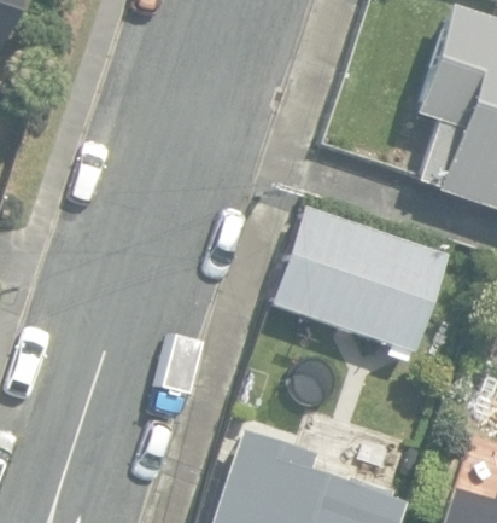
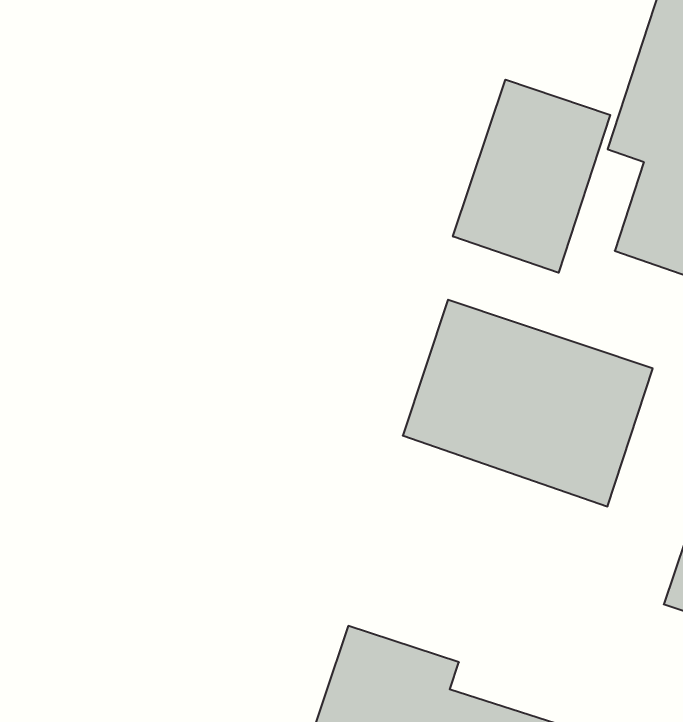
building: none -> [453,80,610,273]

